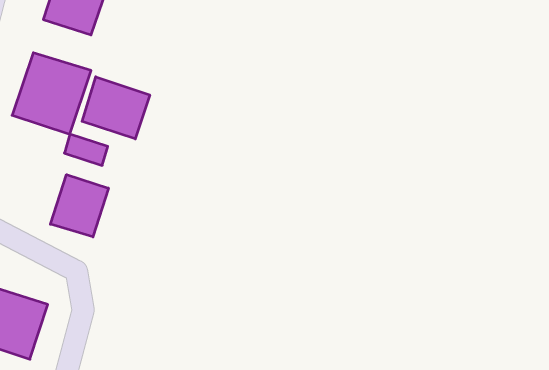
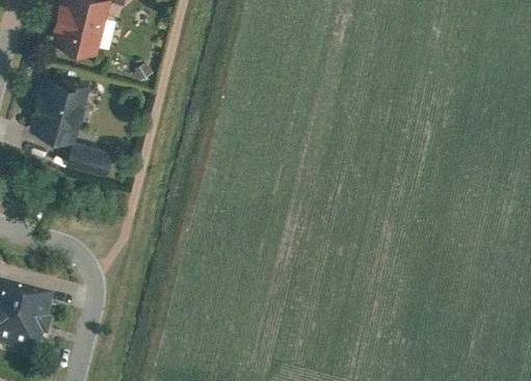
building: [82,77,150,139] -> none
building: [50,175,108,237] -> none

